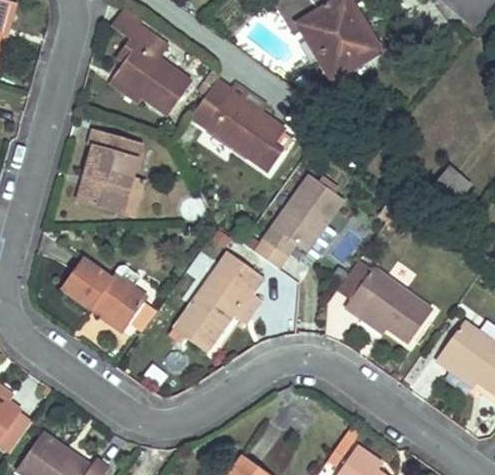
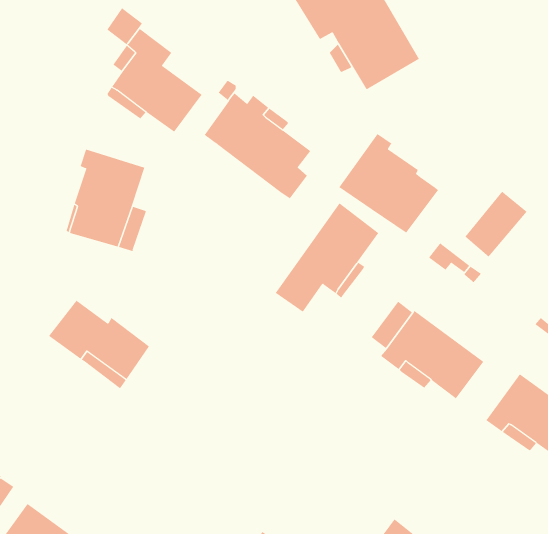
building: none -> [338,133,439,233]
building: [173,250,267,352] -> none

